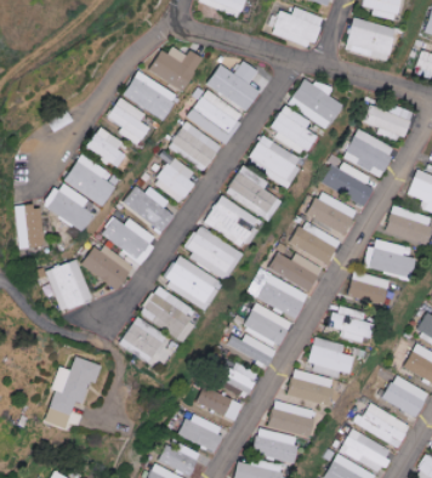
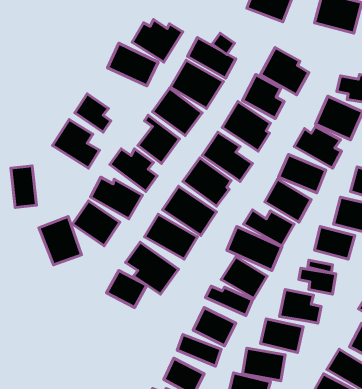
building: [106,98,146,146] -> none
building: [44,183,96,232] -> none
building: [49,357,106,428] -> none

